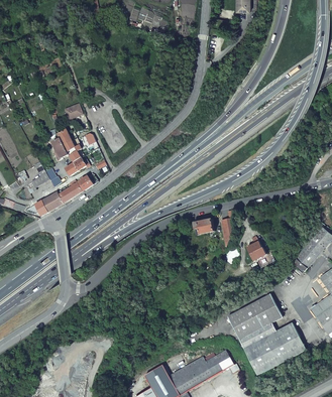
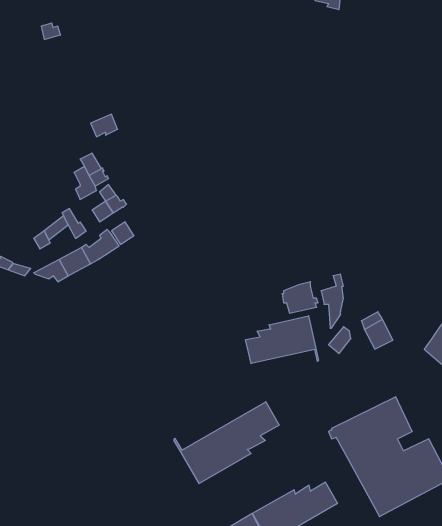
building: none -> [246,316,319,364]
building: none -> [174,402,279,484]

